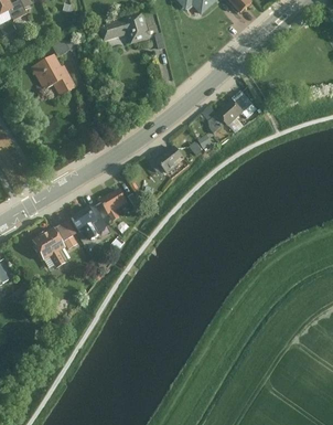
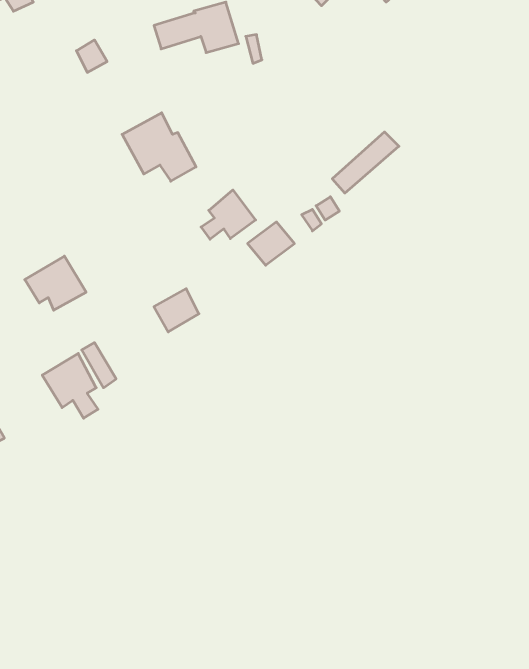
building: [30,52,75,94] -> [122,113,196,181]
building: none -> [201,190,256,239]
building: [71,203,108,236] -> [25,256,86,310]

